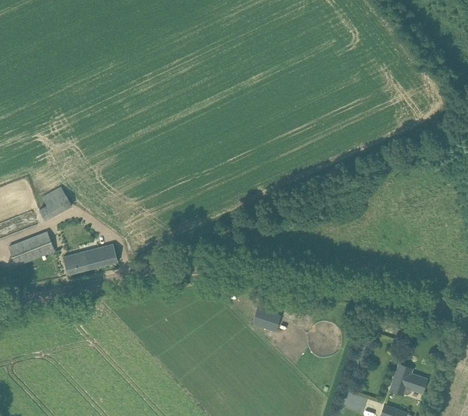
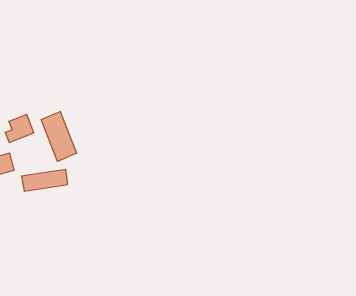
building: none -> [41,111,77,161]
building: [253,307,280,329] -> none

